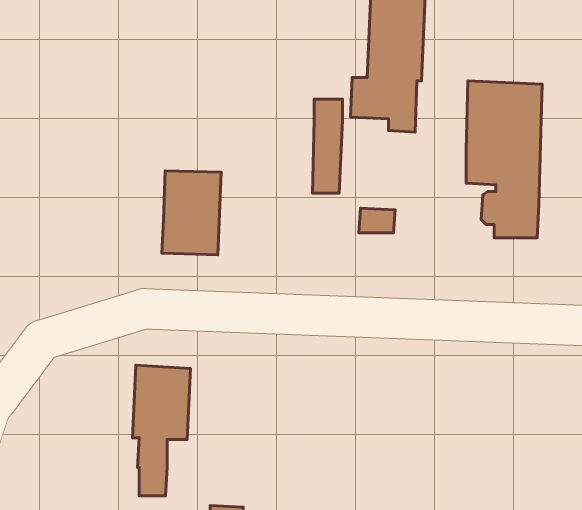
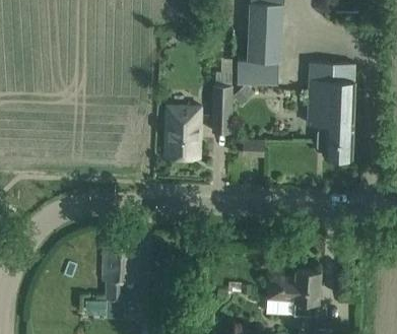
building: [162,171,221,255] -> [164,107,201,158]
building: none -> [266,272,320,315]

